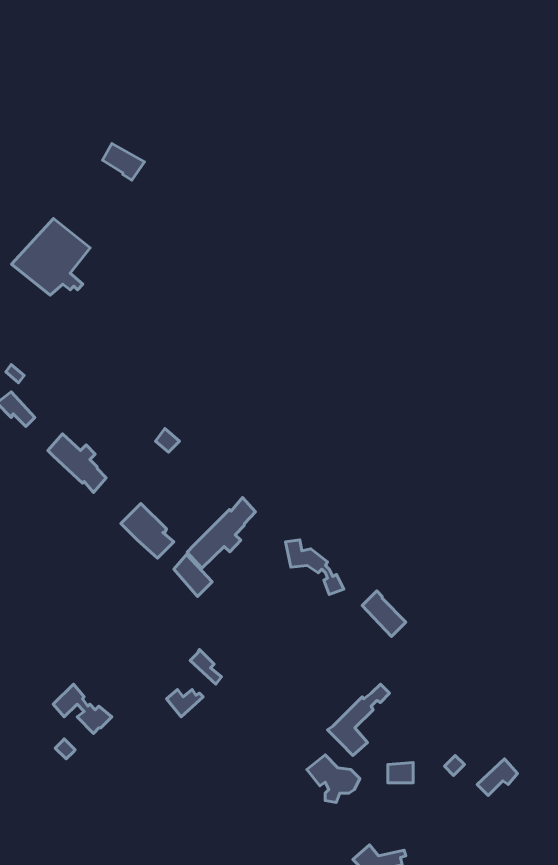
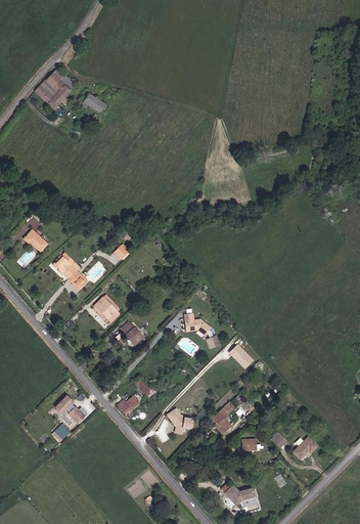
building: [12,219,90,295] -> [32,68,76,111]
building: [187,498,256,568] -> none
building: [307,755,360,802] -> [164,406,193,433]

